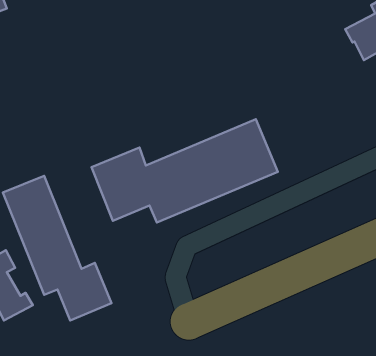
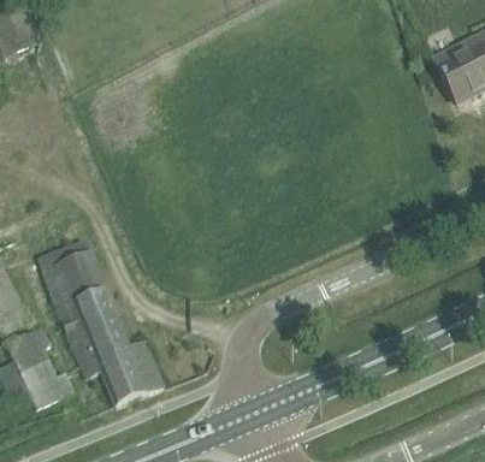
building: [92,119,278,222] -> none

